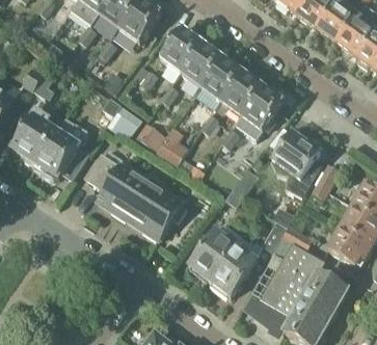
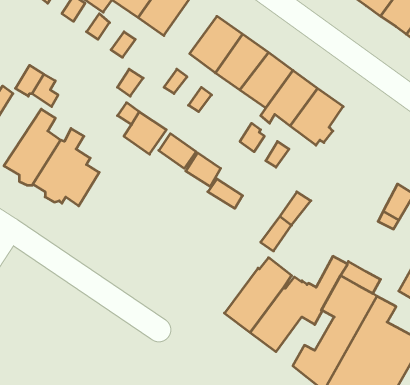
building: [272,131,320,179] -> none
building: [84,156,185,239] -> none

